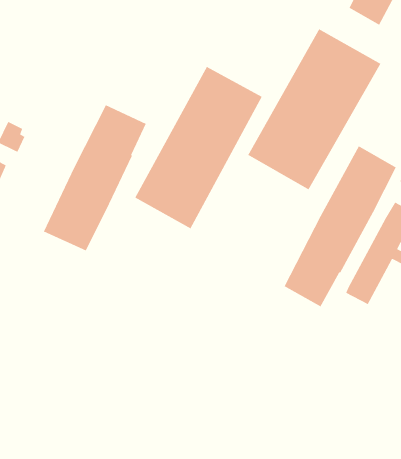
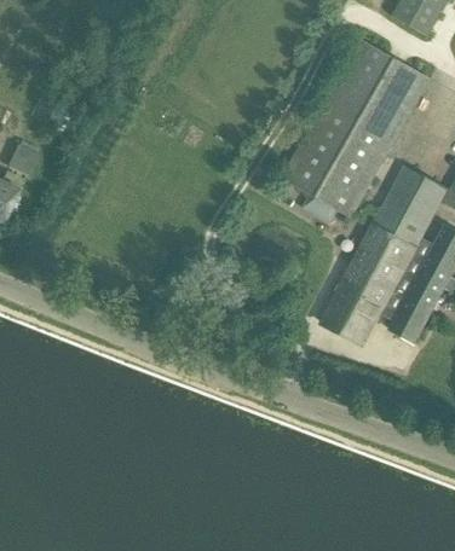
building: [134,66,263,229] -> none
building: [43,104,147,252] -> none

